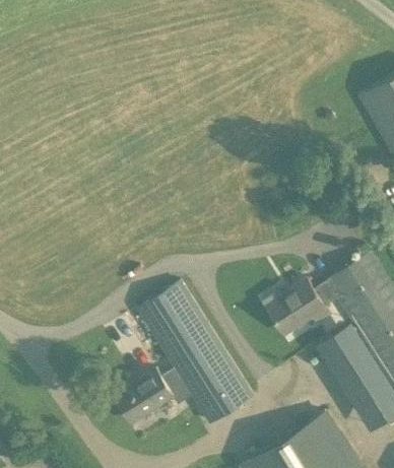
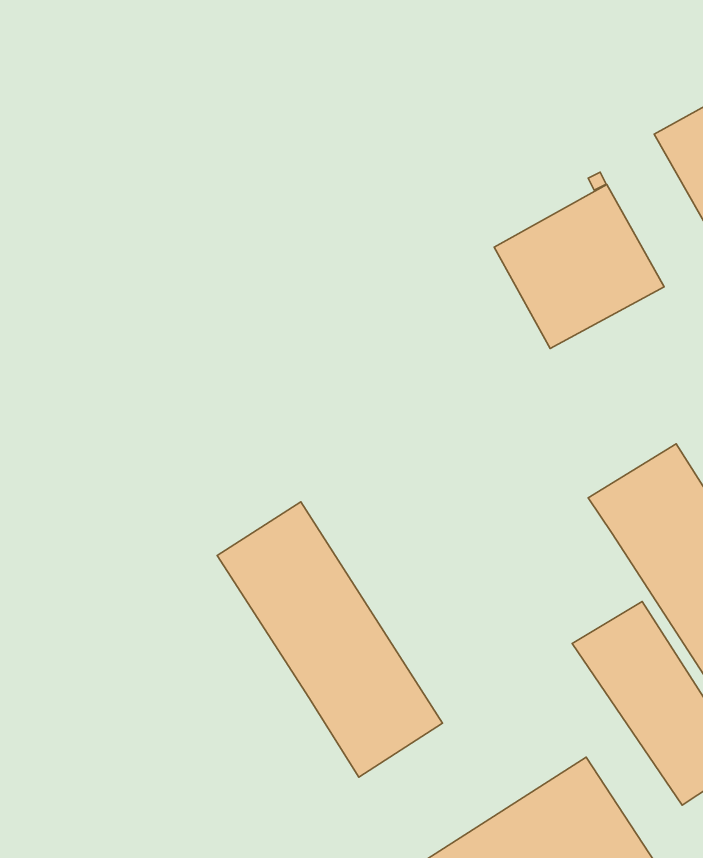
building: none -> [494,184,664,348]
building: [262,279,338,335] -> none
building: [116,369,184,422] -> none

